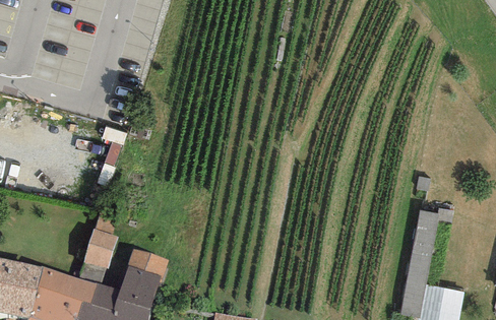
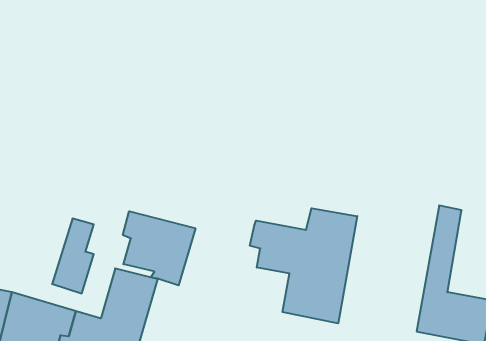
building: none -> [250,208,357,323]
building: none -> [123,211,195,285]

